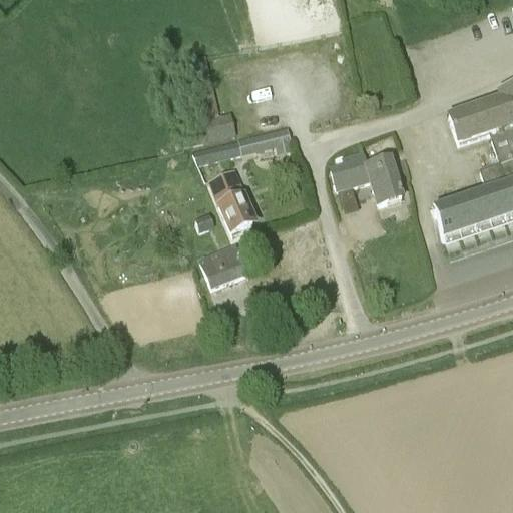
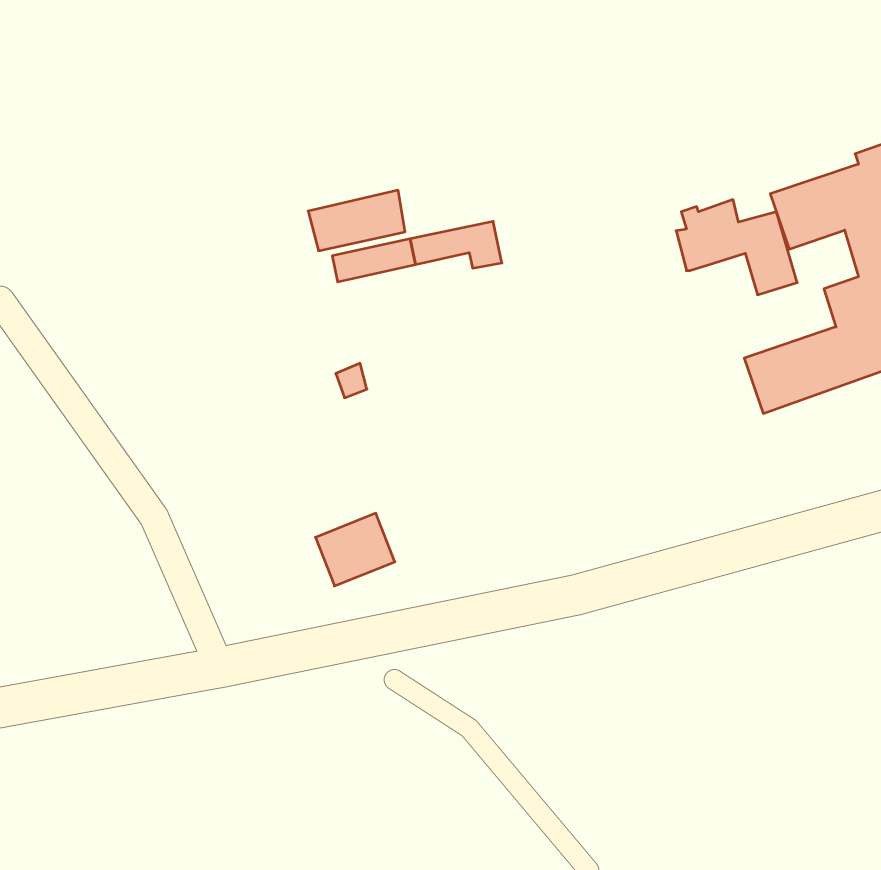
building: [332,148,402,203] -> [676,200,797,295]
building: [208,169,253,232] -> none
building: [200,245,246,288] -> [315,513,395,586]

